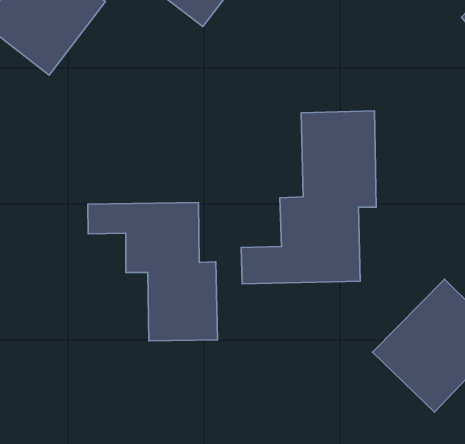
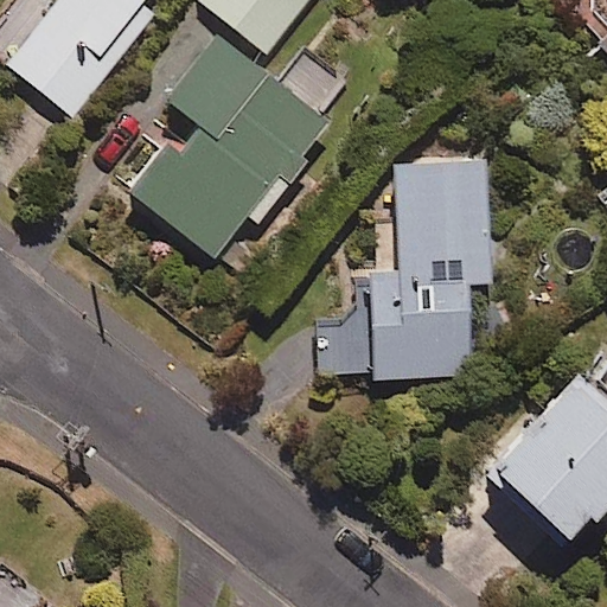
building: none -> [129,33,346,256]
building: [88,203,217,341] -> none

